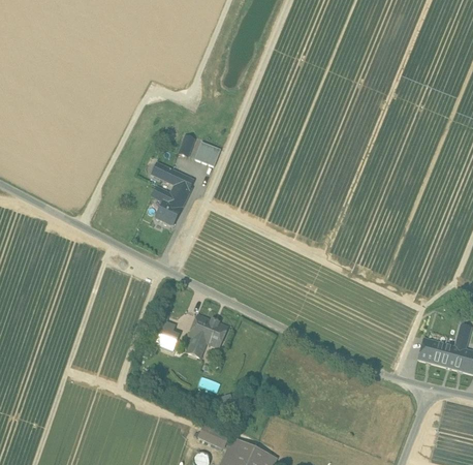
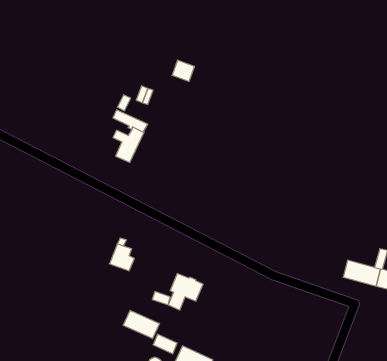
building: [195,141,221,165] -> [172,60,194,81]
building: [187,315,227,358] -> [168,274,203,310]
building: none -> [123,310,159,339]

